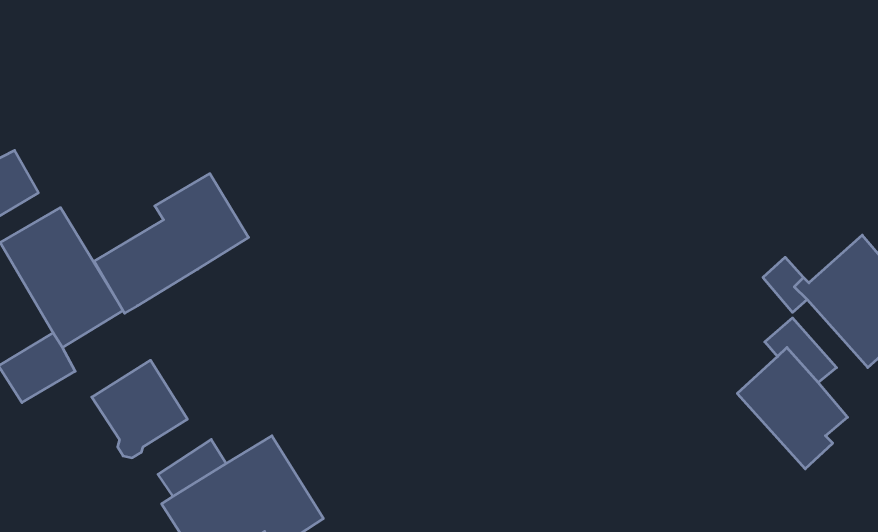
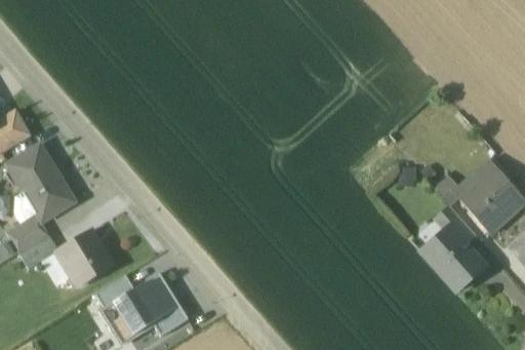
building: [94,174,249,313] -> none
building: none -> [21,237,59,270]

